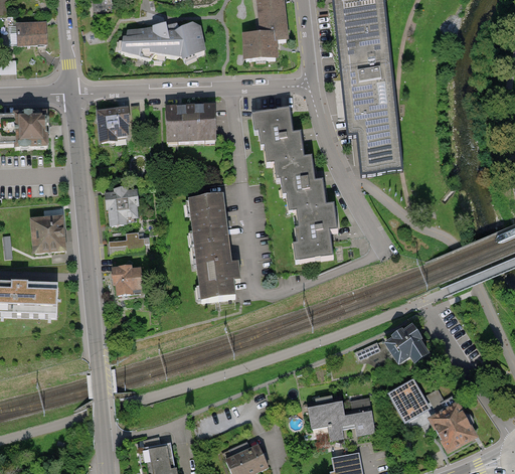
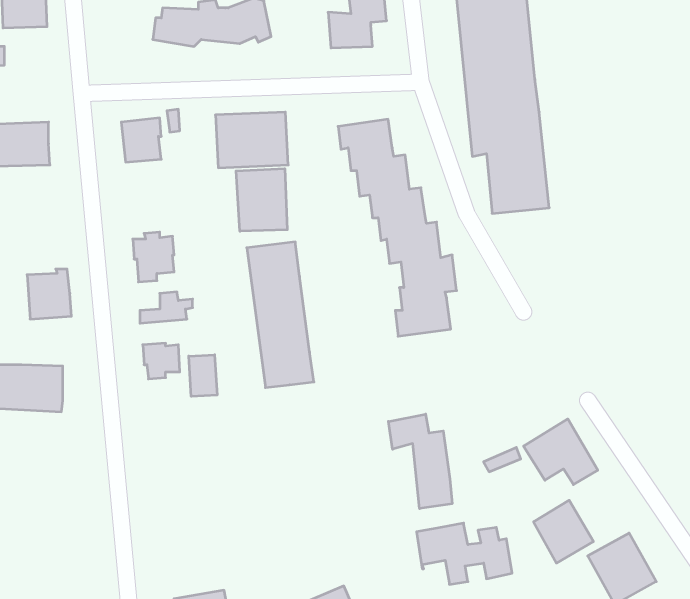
building: none -> [236,169,287,231]
building: none -> [189,355,217,396]
building: none -> [388,414,452,509]

